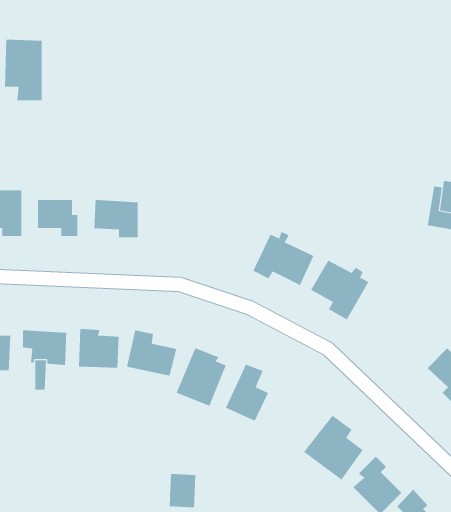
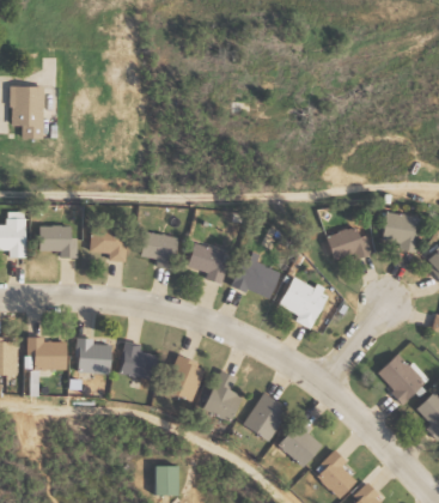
building: none -> [325,229,372,268]
building: none -> [140,232,178,269]
building: none -> [187,244,231,286]
building: none -> [240,389,288,442]

